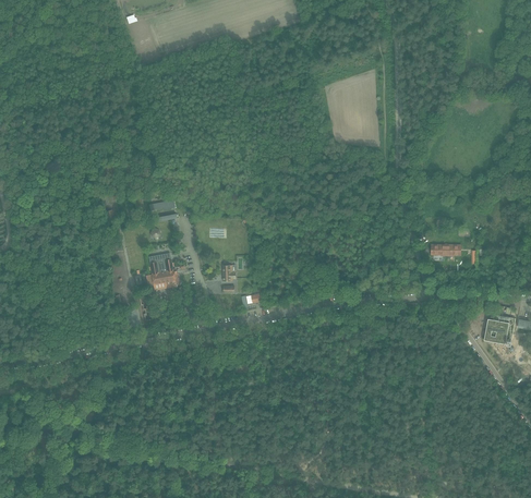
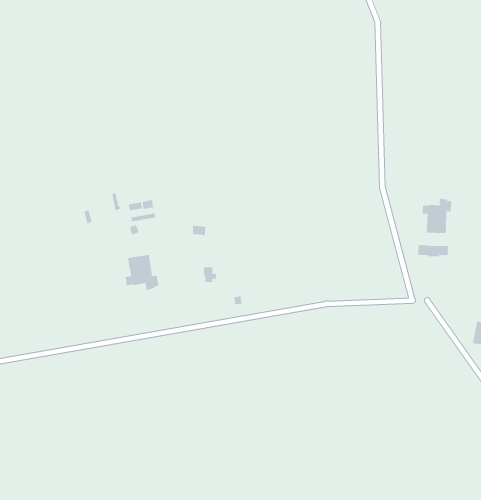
building: none -> [422,198,452,234]

